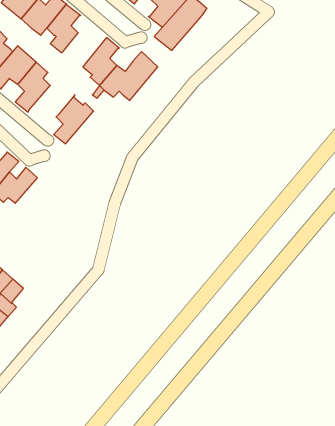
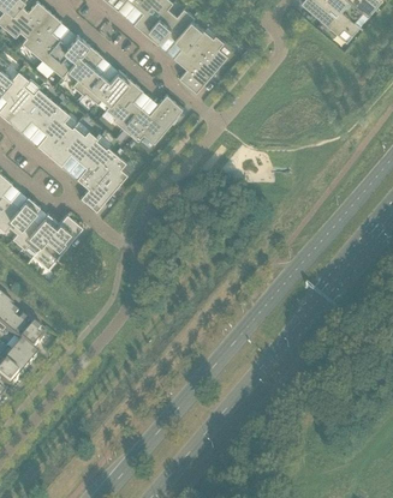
building: none -> [84,68,129,103]
building: none -> [48,120,96,164]
building: none -> [79,154,126,210]
building: none -> [30,212,82,268]

